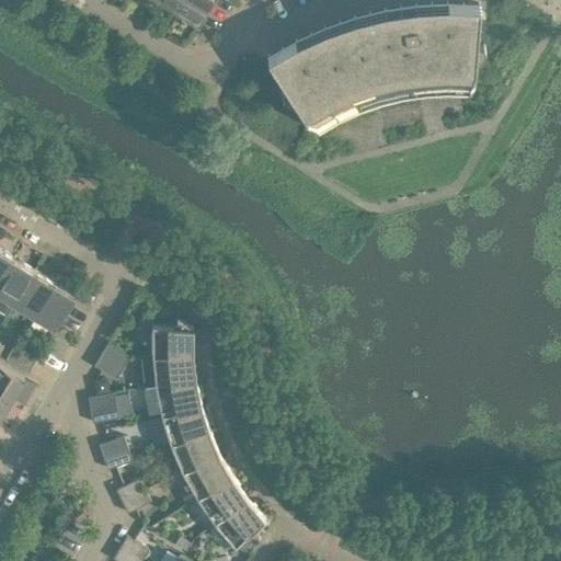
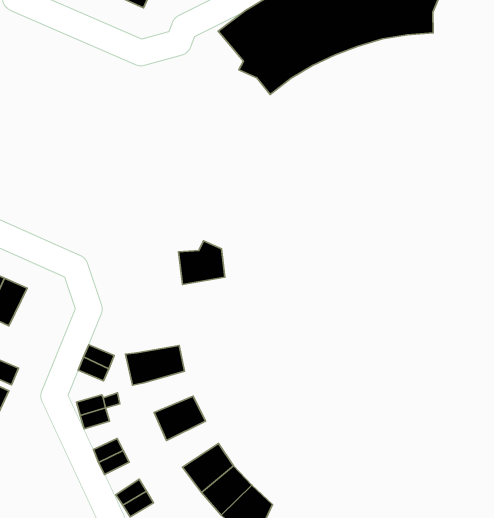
building: [33,286,76,333] -> none
building: [152,321,194,360] -> [179,241,225,284]
building: [156,383,202,420] -> none
building: [171,434,220,476] -> none

